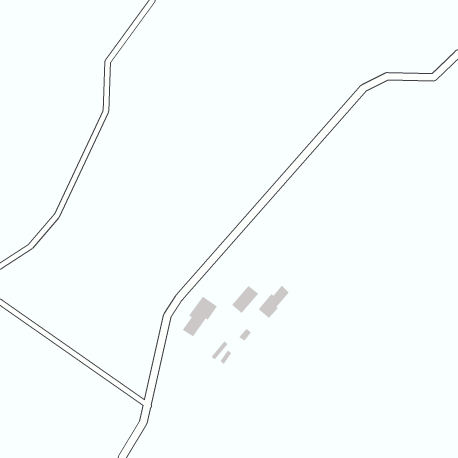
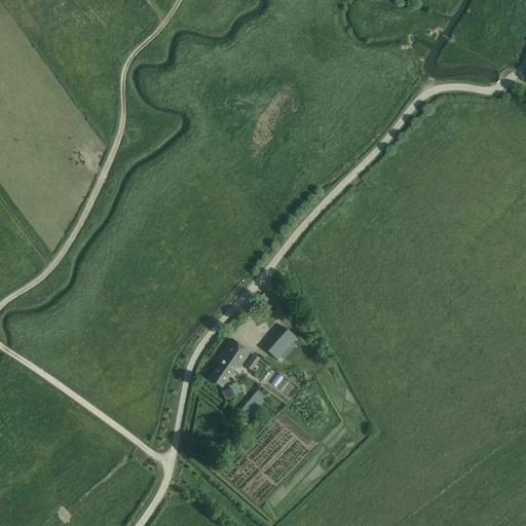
building: [258,285,290,319] -> none

